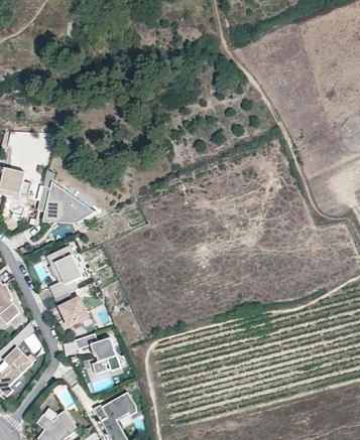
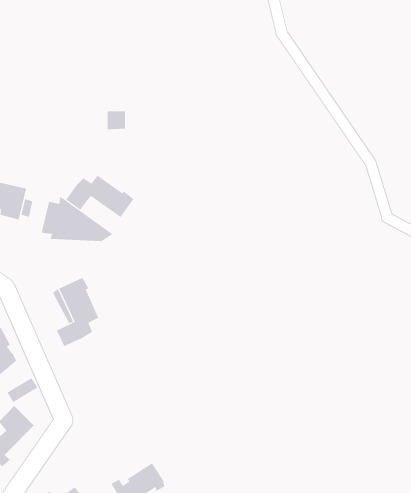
building: none -> [65,175,134,218]
building: [54,293,89,326] -> none
building: [74,333,121,375] -> none

